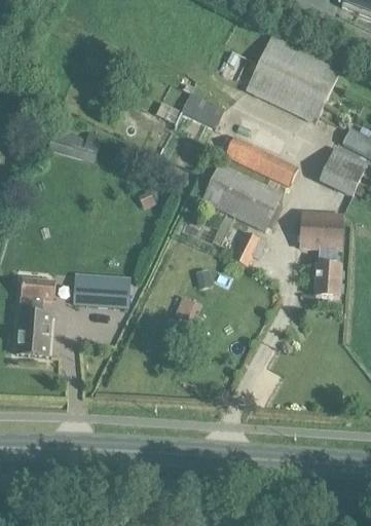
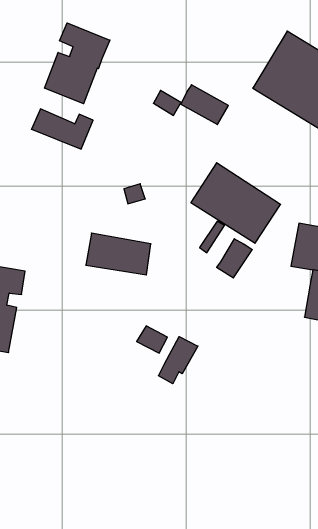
building: none -> [44,23,110,104]
building: [225,135,298,186] -> none
building: [73,273,131,306] -> [86,233,151,275]
building: none -> [158,337,198,384]

